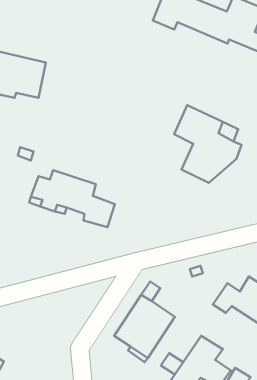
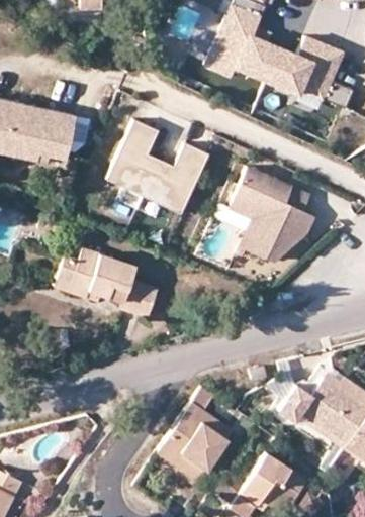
building: none -> [109,122,210,215]

